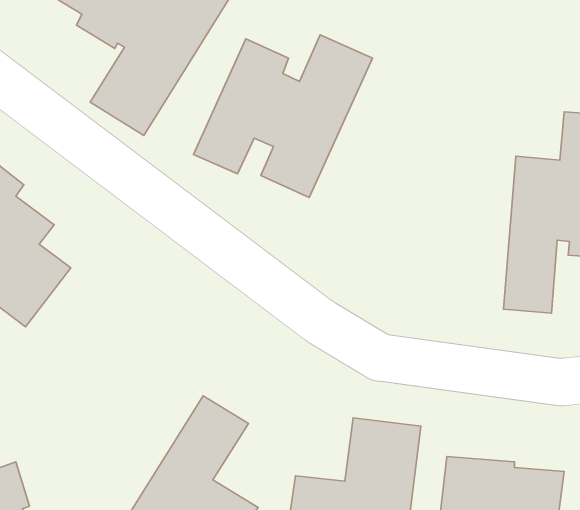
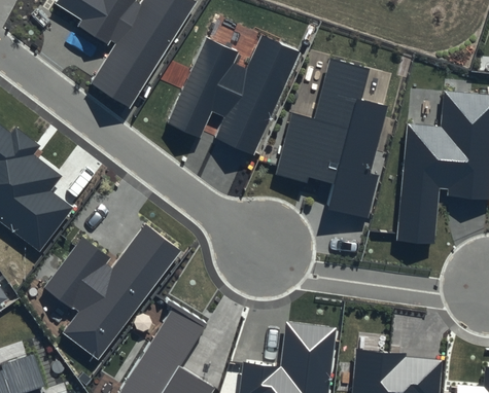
building: none -> [274,60,386,218]
building: none -> [44,224,180,362]

